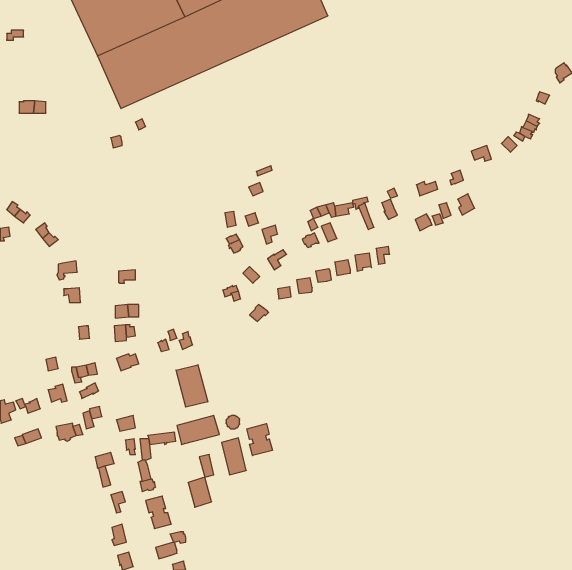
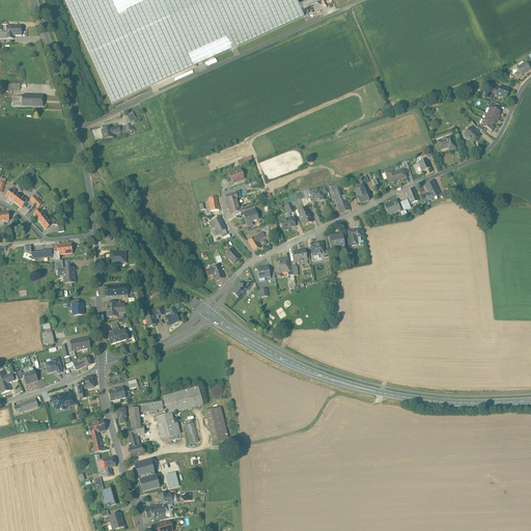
building: [176,365,208,407] -> none
building: [247,424,272,456] -> none
building: [188,477,212,507] -> [156,411,177,439]

